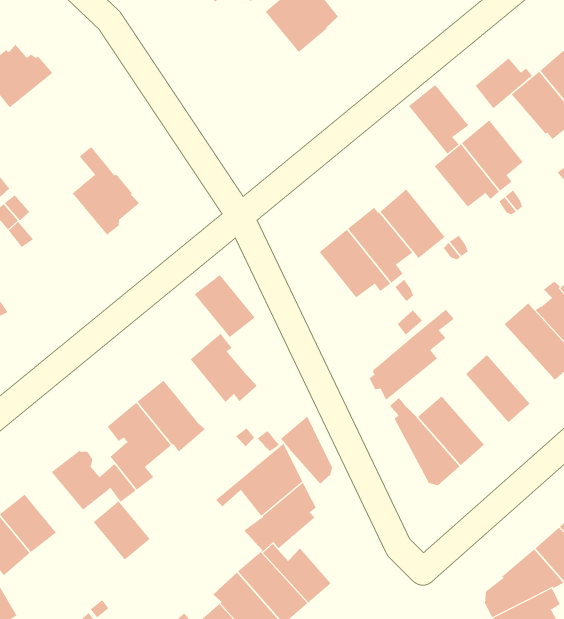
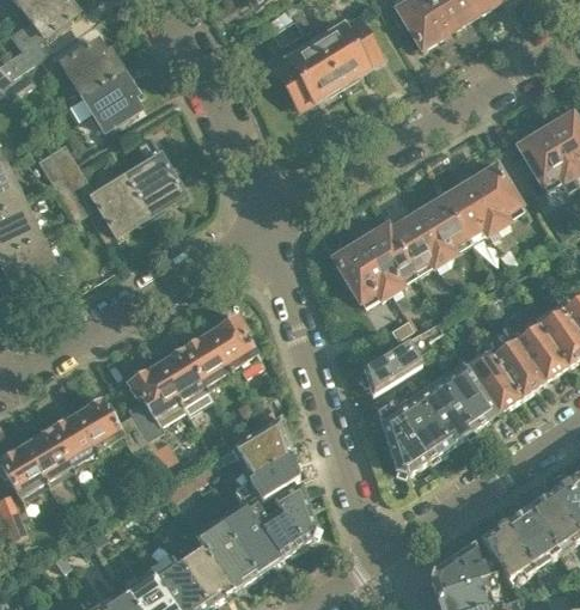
building: none -> [275,43,338,105]
building: [475,58,533,109] -> none
building: none -> [83,69,139,129]
building: [408,84,469,155] -> [415,197,465,260]
building: none -> [92,176,151,234]
building: [194,274,256,338] -> [182,334,232,390]
building: none -> [463,342,519,414]
building: none -> [420,380,474,444]
building: [280,416,333,484] -> [273,483,315,544]
building: [93,501,151,561] -> [48,414,96,466]

